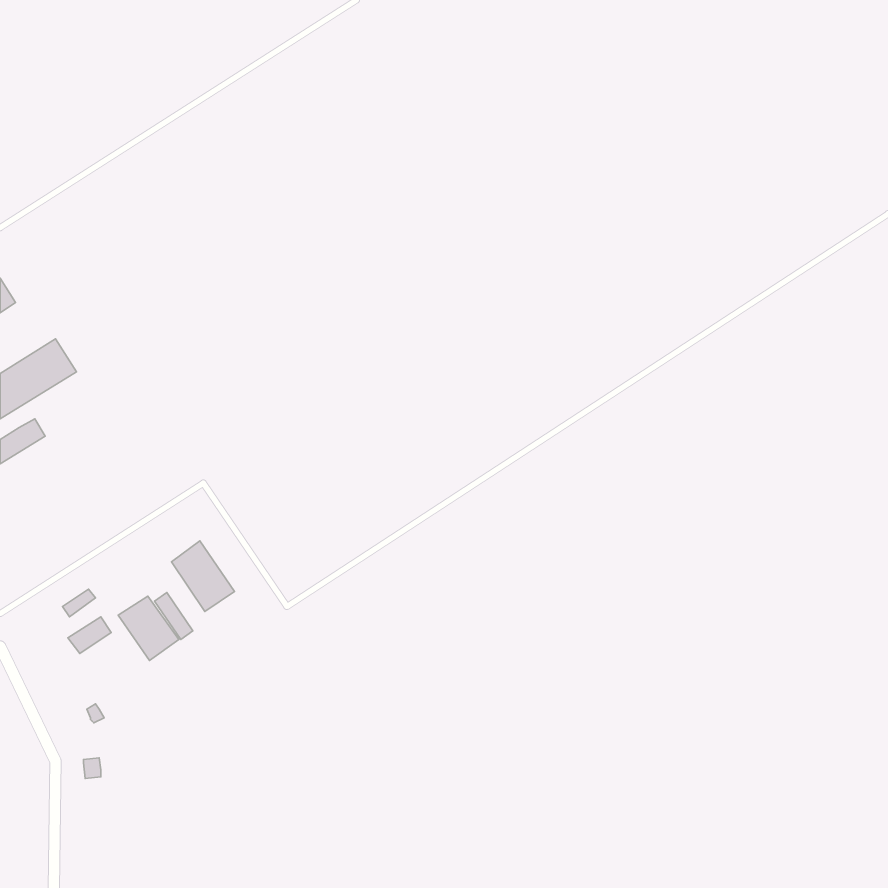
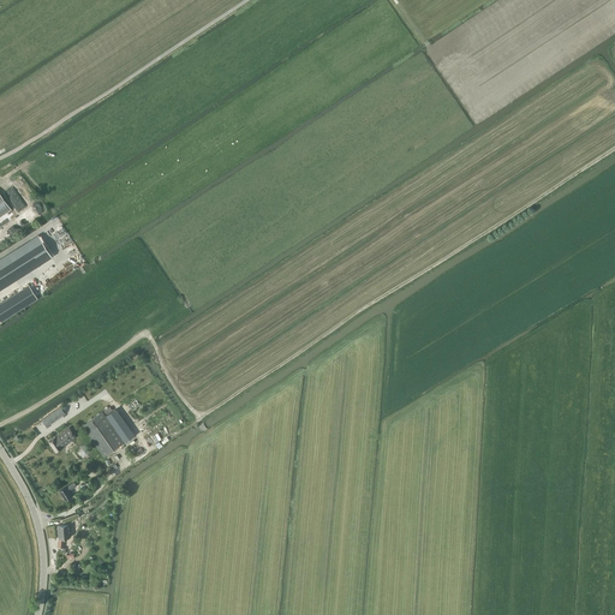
building: [172,541,235,612] -> none

